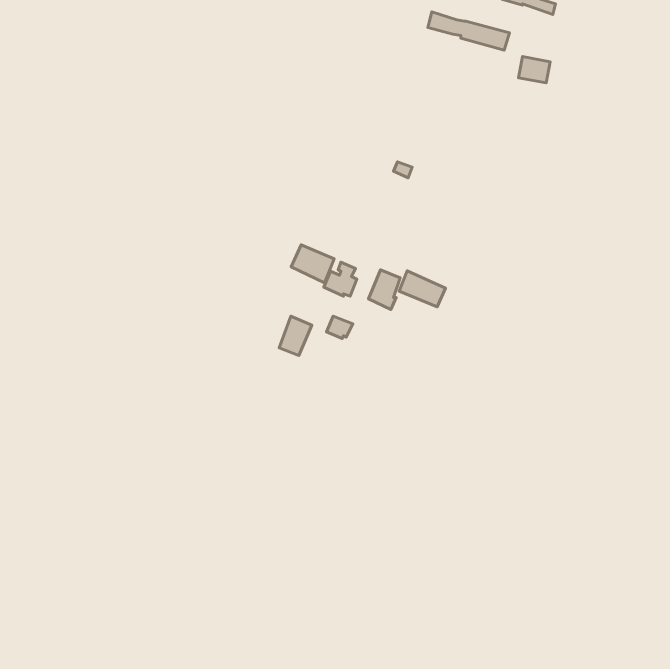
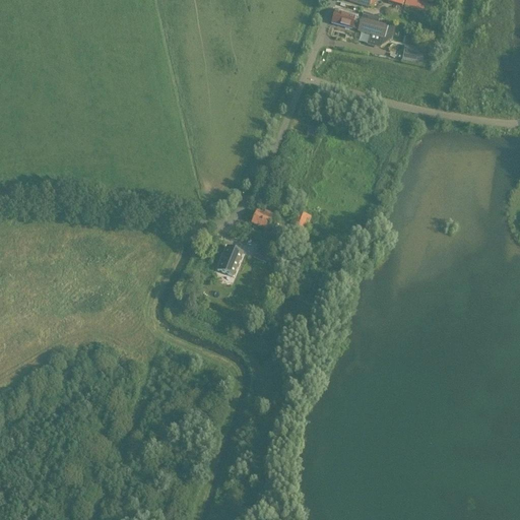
building: [291,245,334,283] -> none
building: [399,271,446,307] -> none

